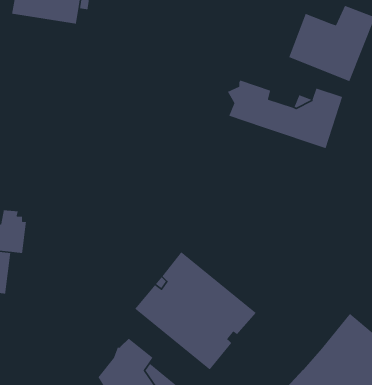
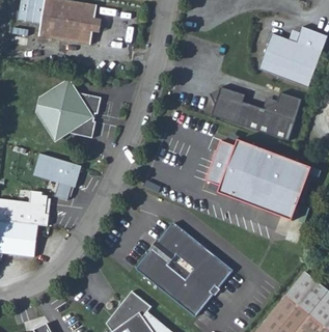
building: none -> [39,82,102,141]
building: none -> [203,140,310,221]
building: none -> [34,155,82,185]

